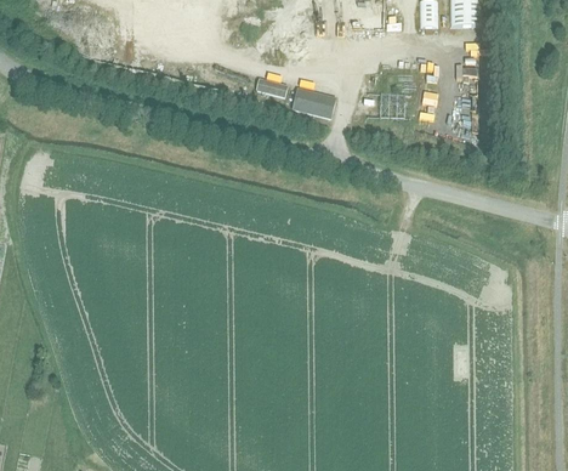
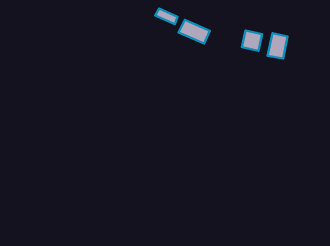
building: none -> [268,33,288,58]

